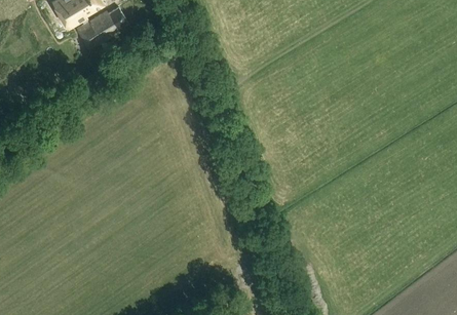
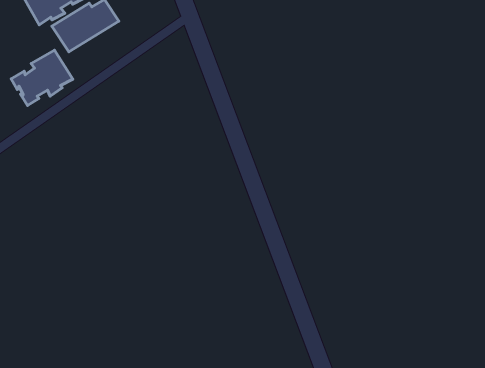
building: none -> [11,50,73,106]

